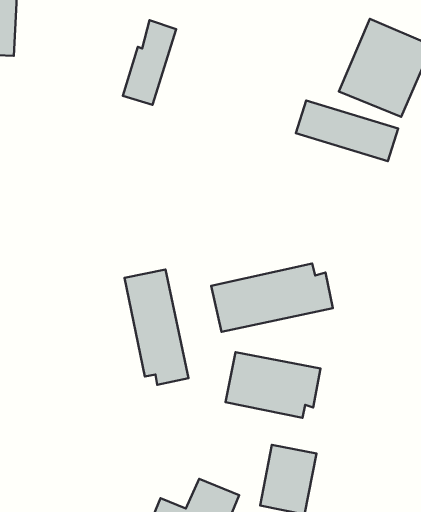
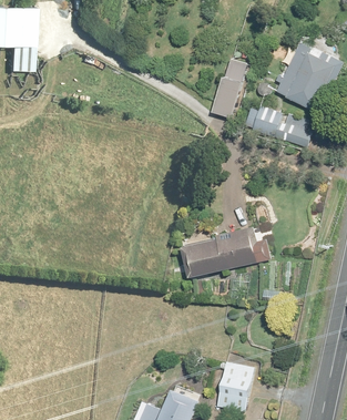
building: [123,20,176,105] -> [210,58,249,121]
building: [124,270,188,385] -> none
building: [225,352,321,418] -> none

